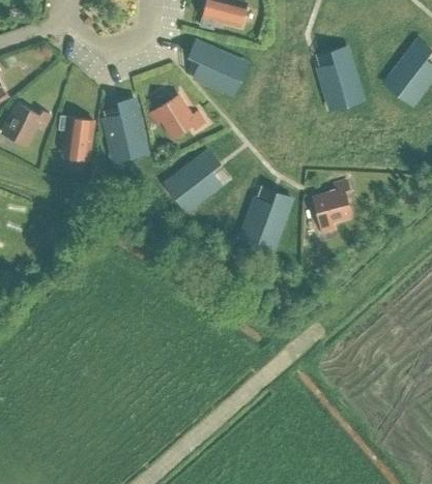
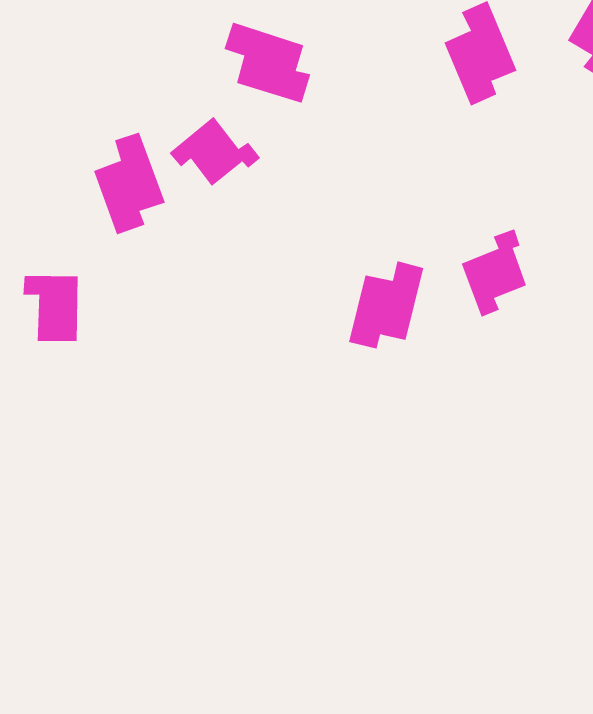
building: [59,117,93,159] -> [23,275,79,342]
building: [173,151,220,210] -> none

